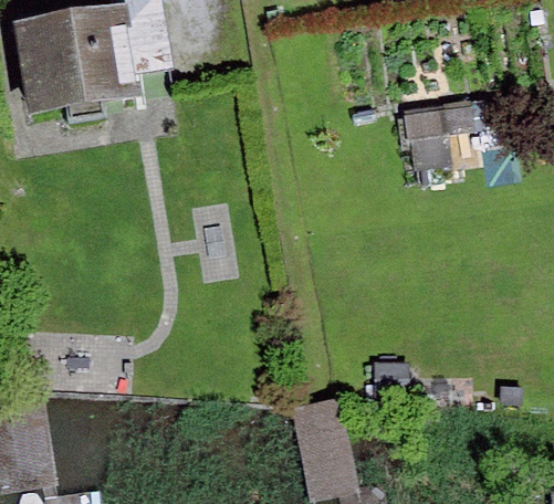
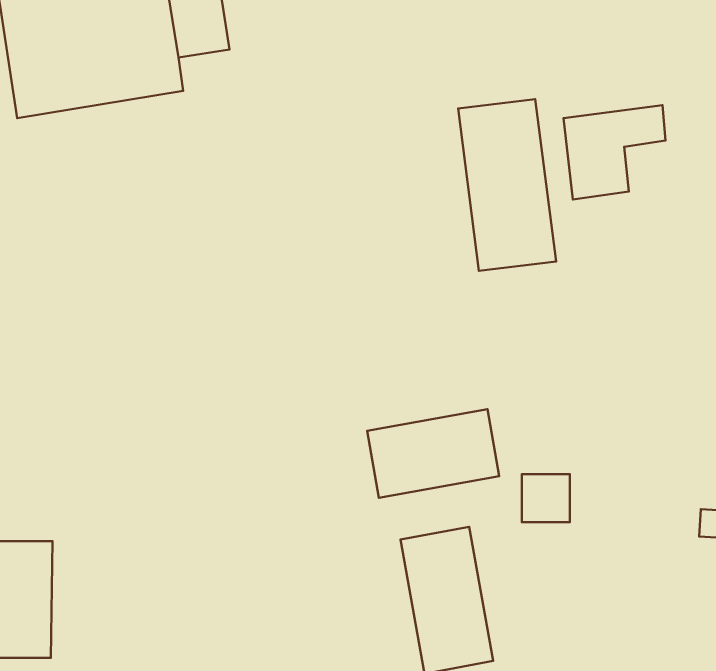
building: none -> [458,99,556,271]
building: none -> [367,409,499,498]

